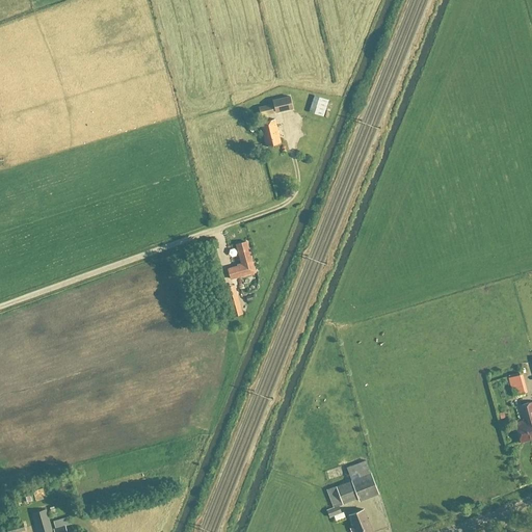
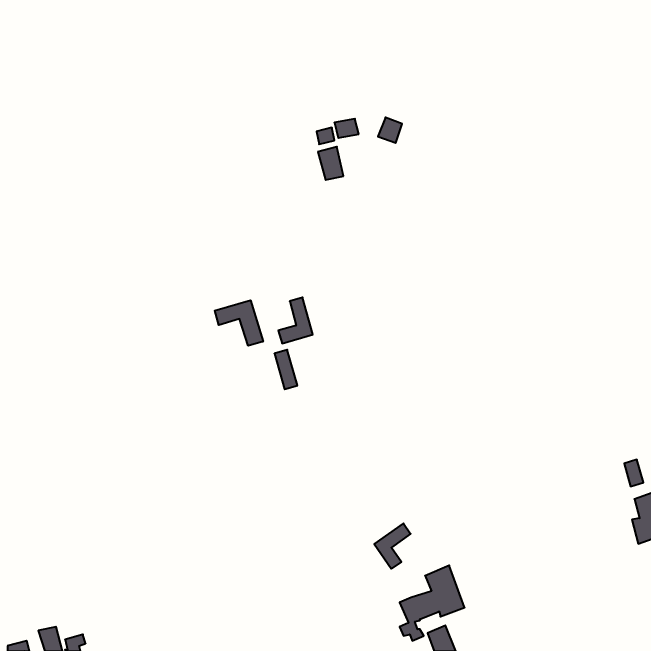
building: none -> [215,300,263,346]
building: none -> [374,523,411,569]

